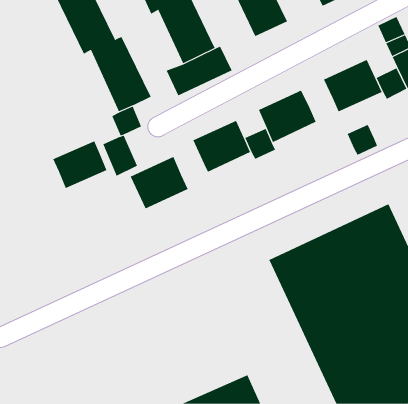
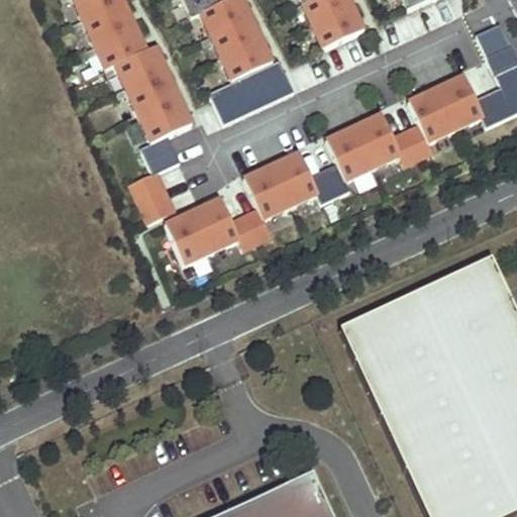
building: [347,124,378,155] -> [393,123,432,163]
building: [53,140,107,189] -> none
building: none -> [231,207,271,247]

